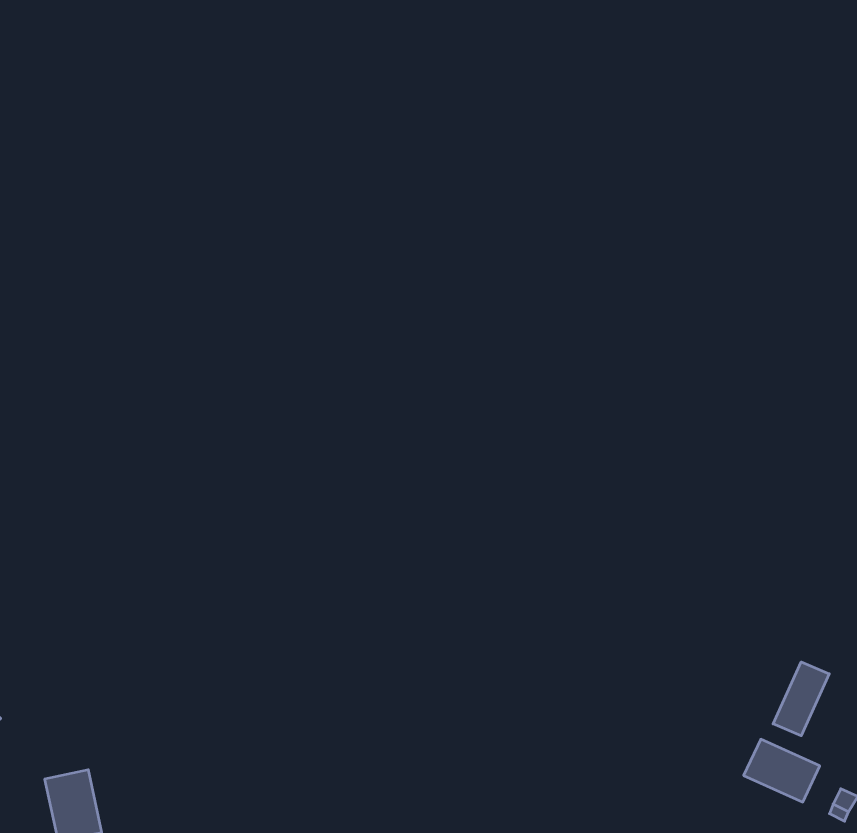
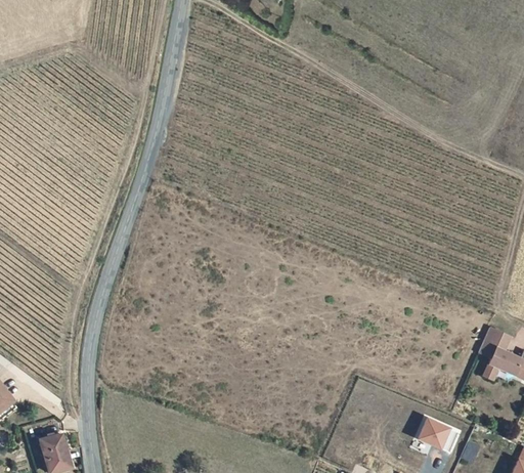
building: [773,662,829,736] -> none

